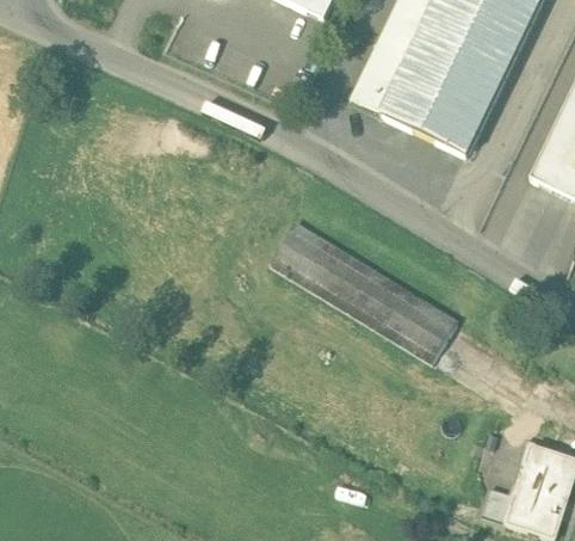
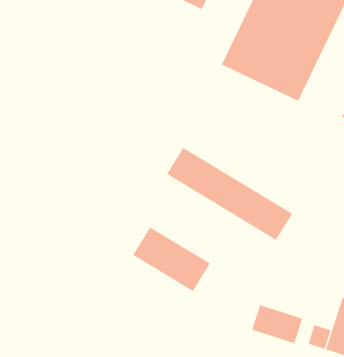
building: none -> [132,226,211,292]
building: none -> [251,304,303,344]

